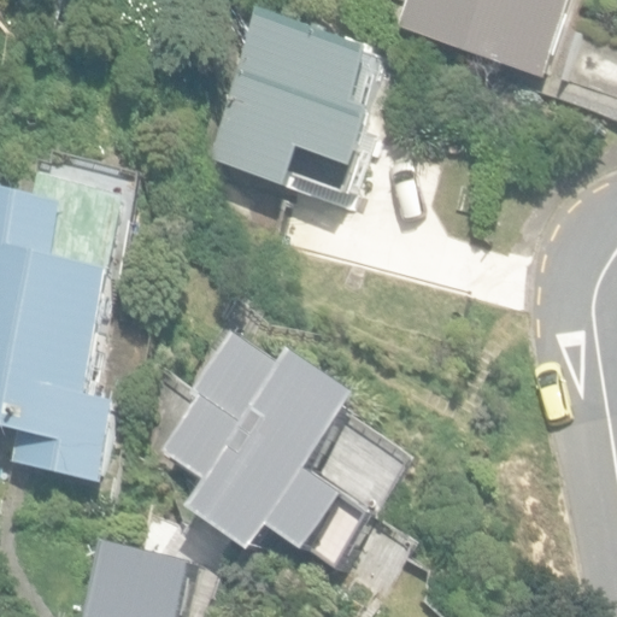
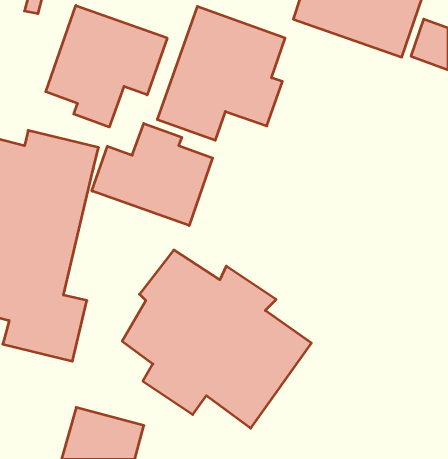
building: none -> [46,5,167,127]
building: none -> [92,123,213,226]

